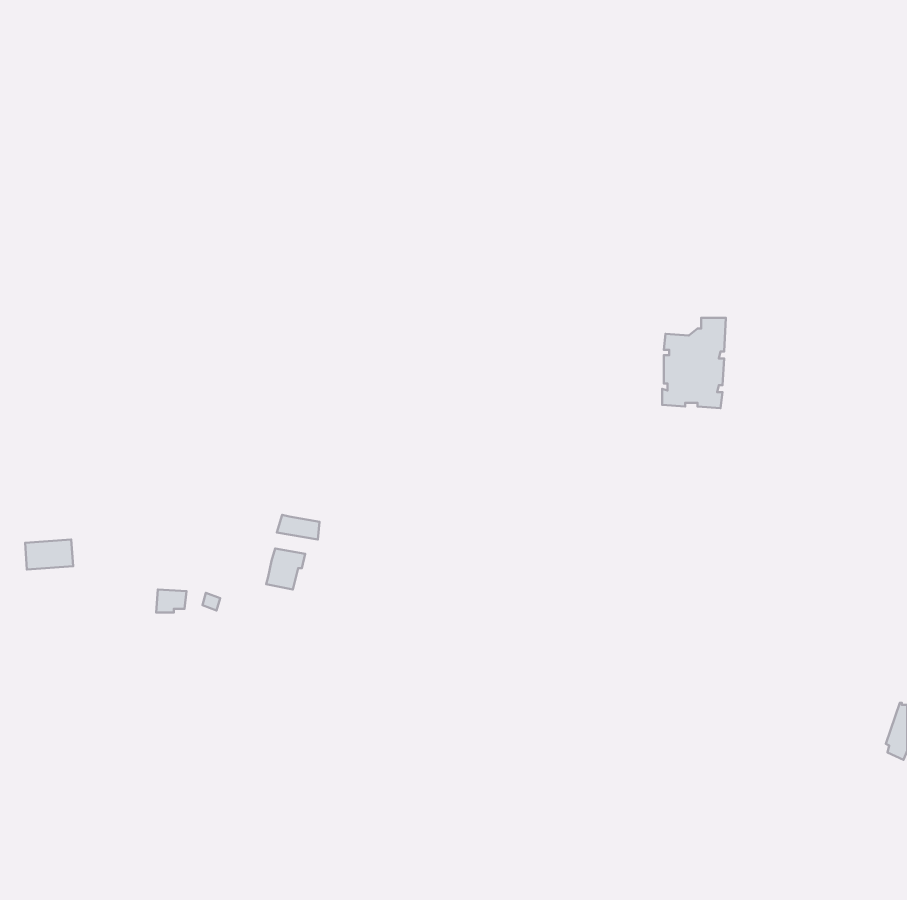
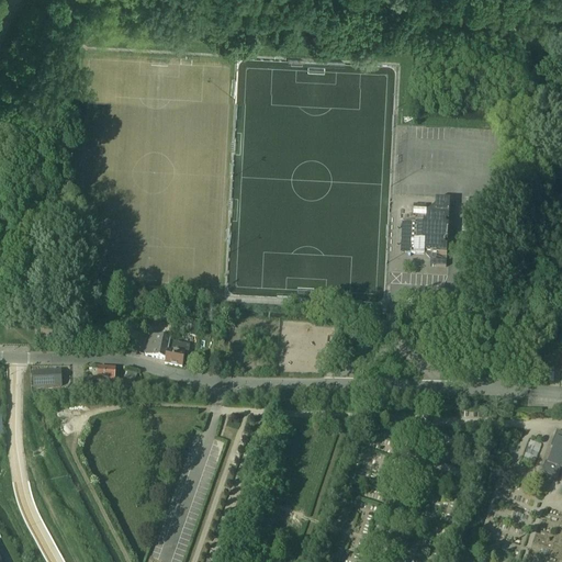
building: none -> [145,331,170,357]
building: [25,539,73,570] -> [32,367,61,385]

